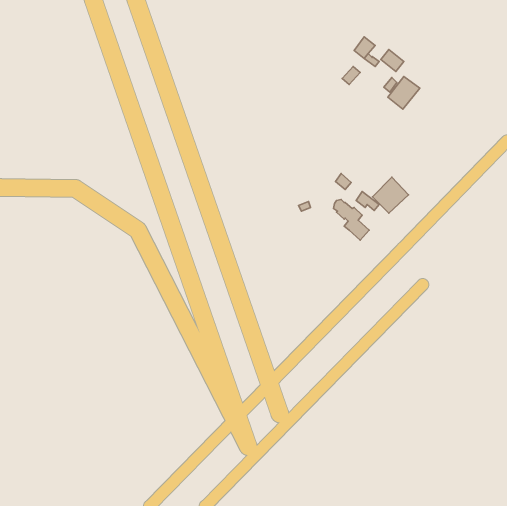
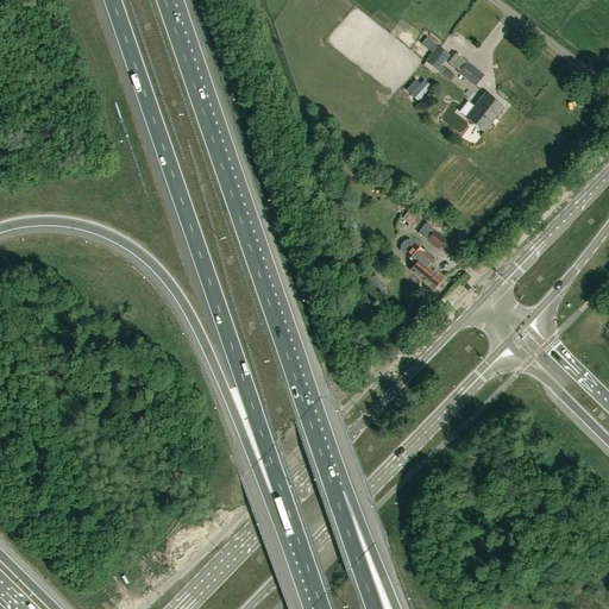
building: [372,177,408,213] -> none

